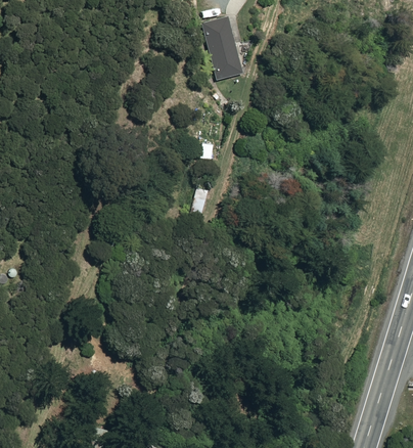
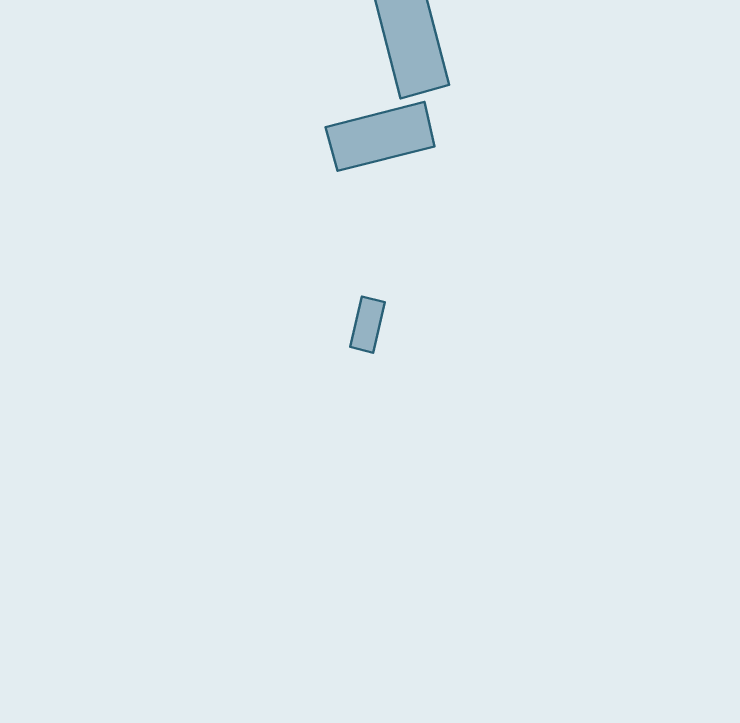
building: none -> [326,102,435,171]

